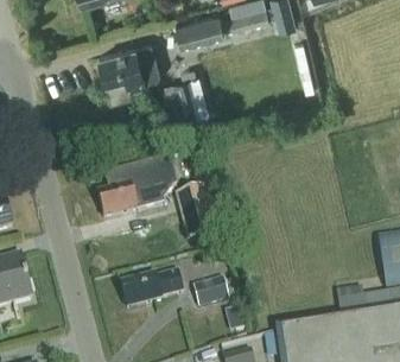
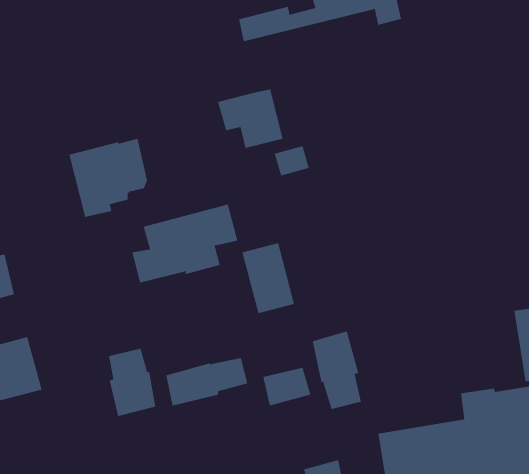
building: [100,40,158,99] -> [68,138,148,218]
building: none -> [312,330,361,410]
building: none -> [108,348,156,417]

